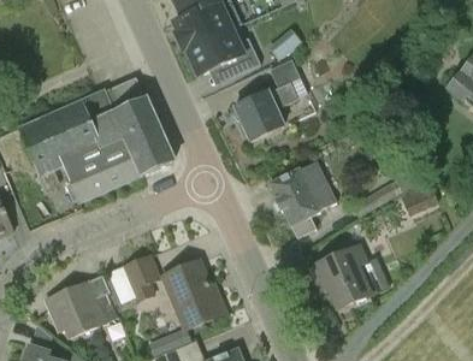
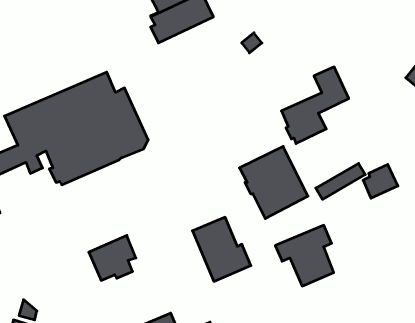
building: [183,22,261,77] -> none
building: [235,59,307,141] -> [281,67,349,144]
building: [164,260,226,329] -> [192,217,251,281]
building: [46,274,118,337] -> none

